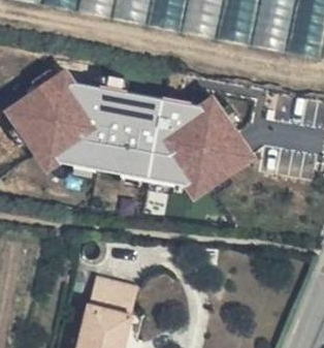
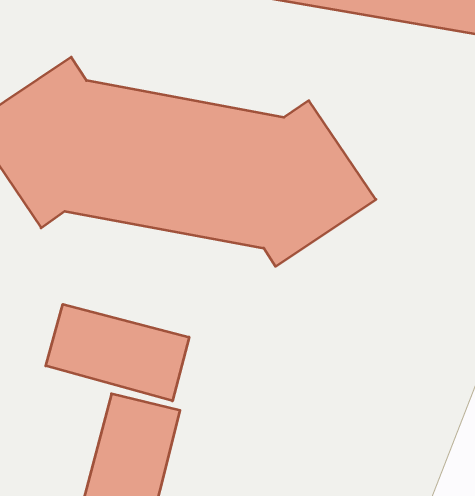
building: none -> [46,304,189,401]

